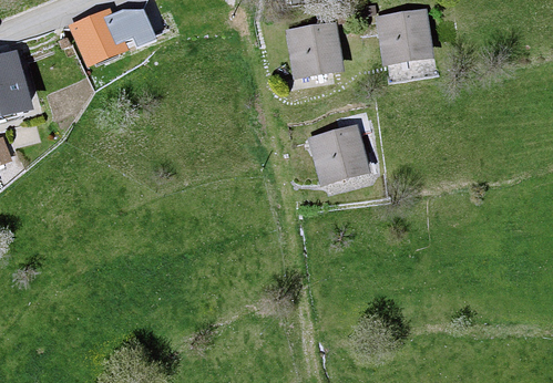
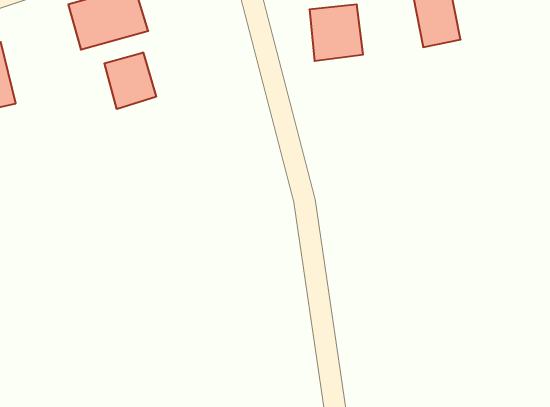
building: none -> [104,52,156,109]
building: [314,126,368,178] -> none

